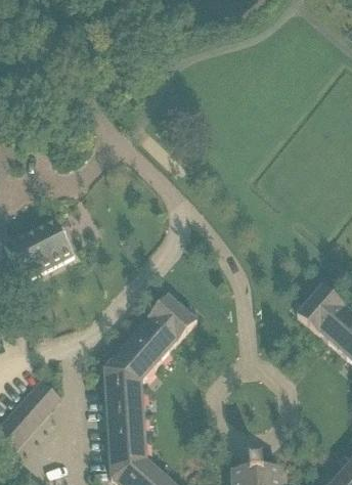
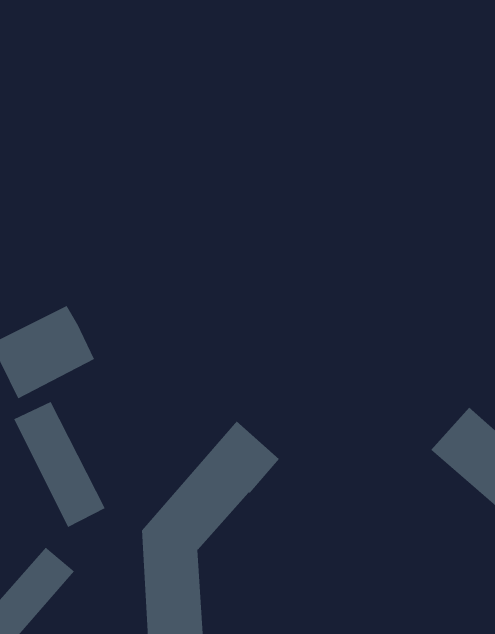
building: none -> [13,401,106,528]

